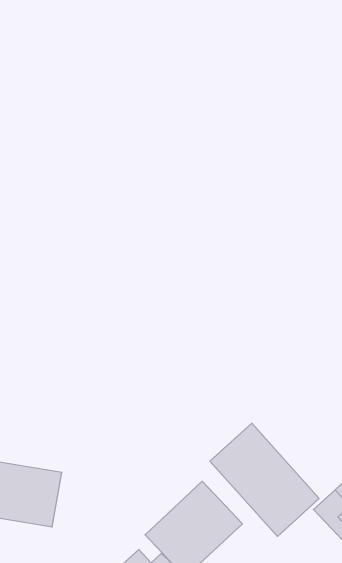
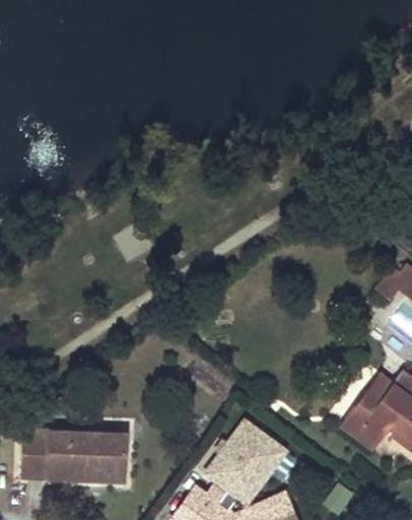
building: [210,423,319,536] -> none

